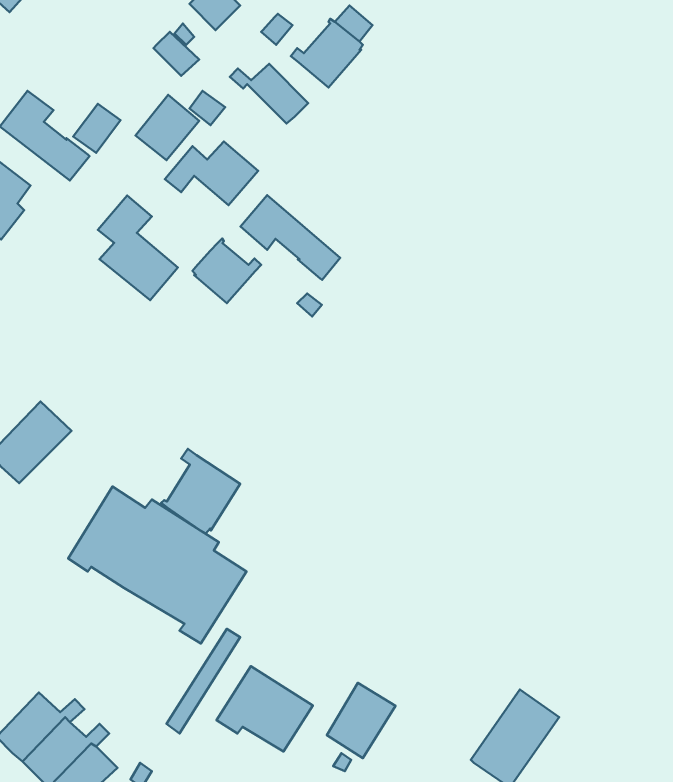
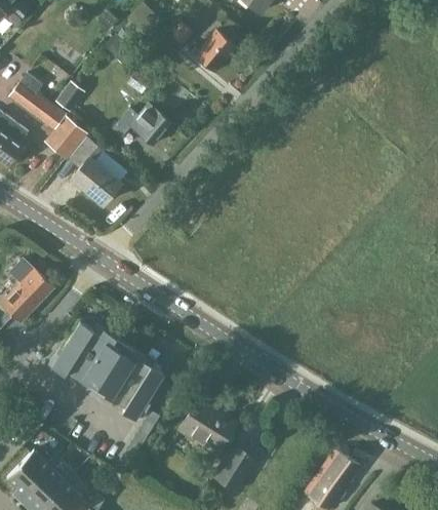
building: [230,64,308,124] -> none
building: [135,95,199,160] -> [46,117,86,158]
building: [240,195,340,280] -> none
building: [192,238,261,303] -> none
building: [161,449,240,533] -> none
building: [216,666,313,751] -> [177,397,238,450]

